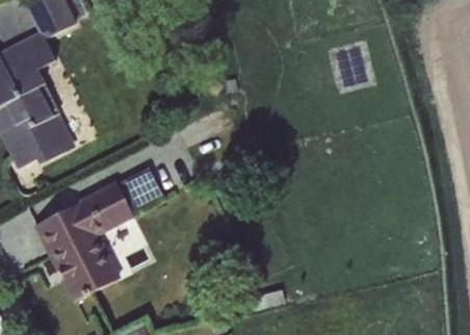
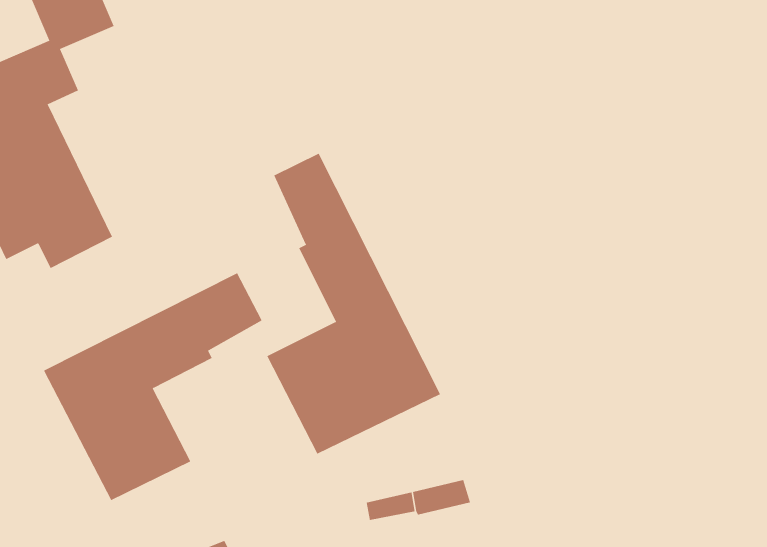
building: none -> [266,153,441,454]

